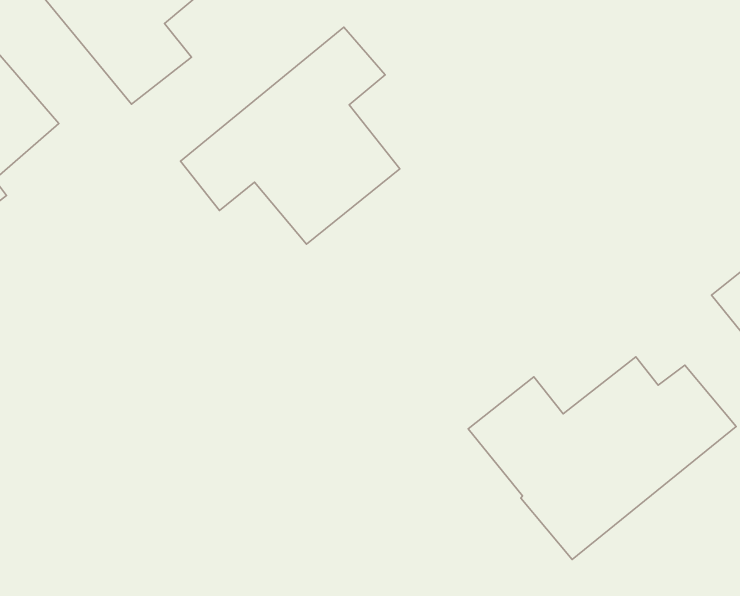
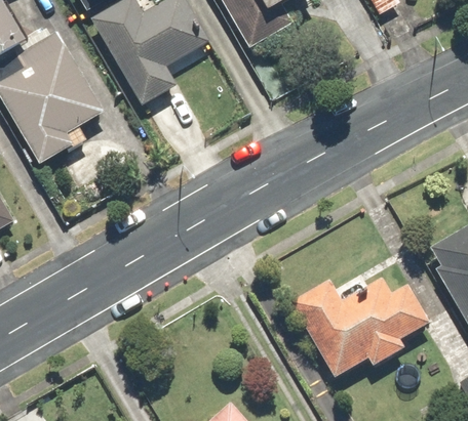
building: [180,27,400,244] -> none

